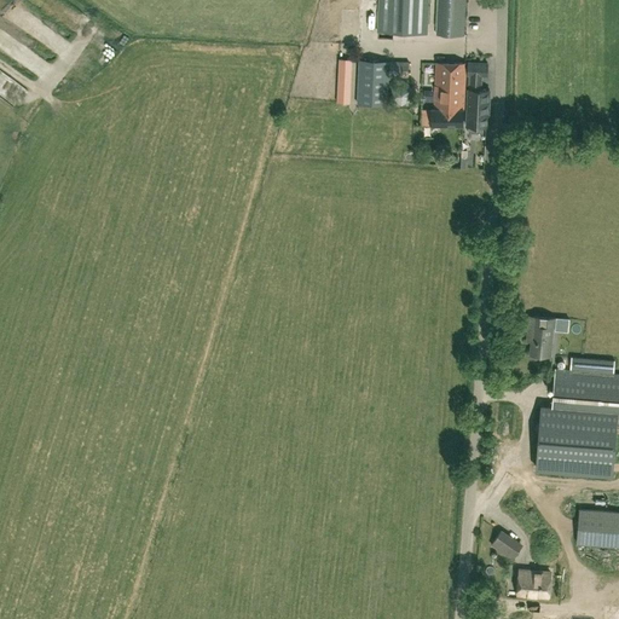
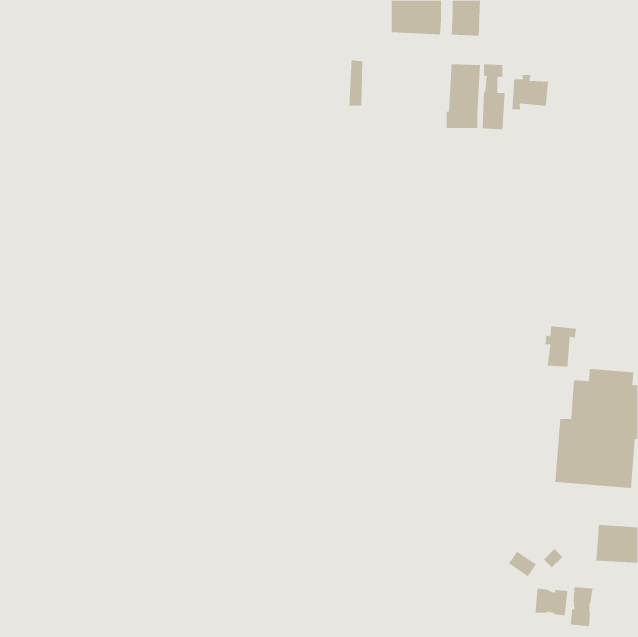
building: [358,60,410,106] -> none
building: none -> [512,74,548,110]
building: none -> [570,586,593,627]

